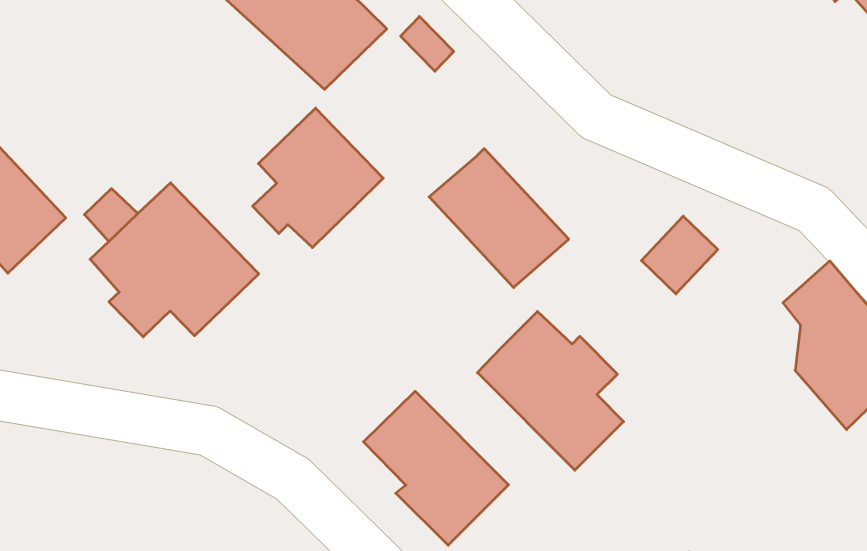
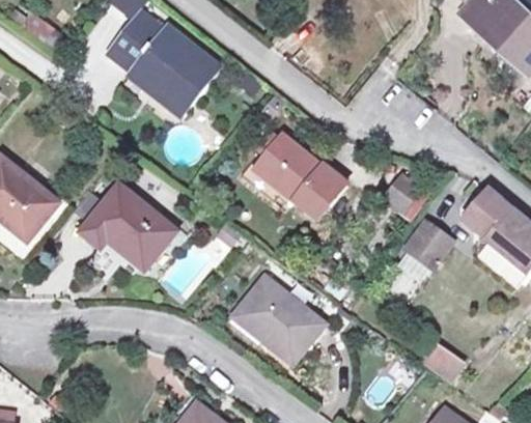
building: [253,108,383,248] -> none
building: none -> [401,209,455,263]
building: [477,311,624,470] -> none

